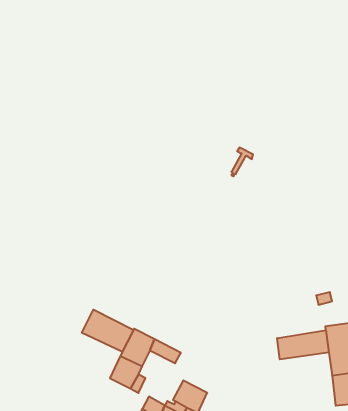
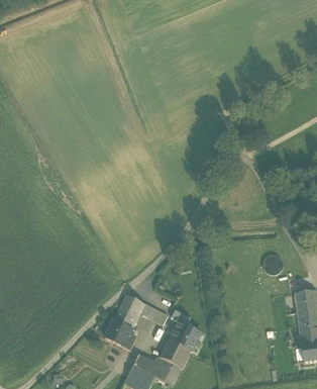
building: [82,310,134,352] -> none
building: [277,330,329,359] -> none
building: none -> [169,320,200,350]

